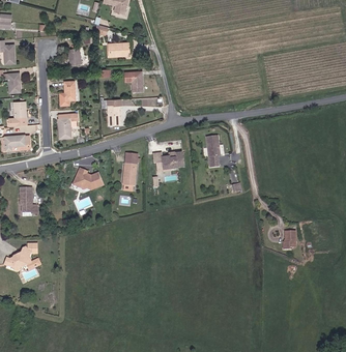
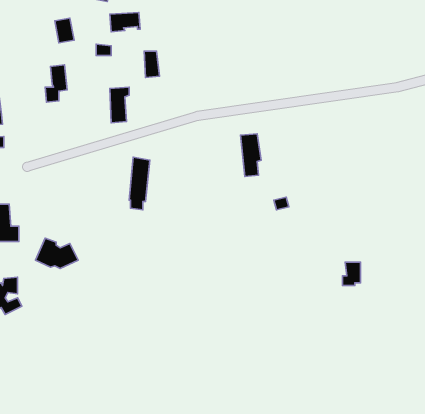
building: [59,113,79,139] -> none
building: [152,150,183,171] -> none
building: [73,167,105,189] -> [35,238,78,268]

